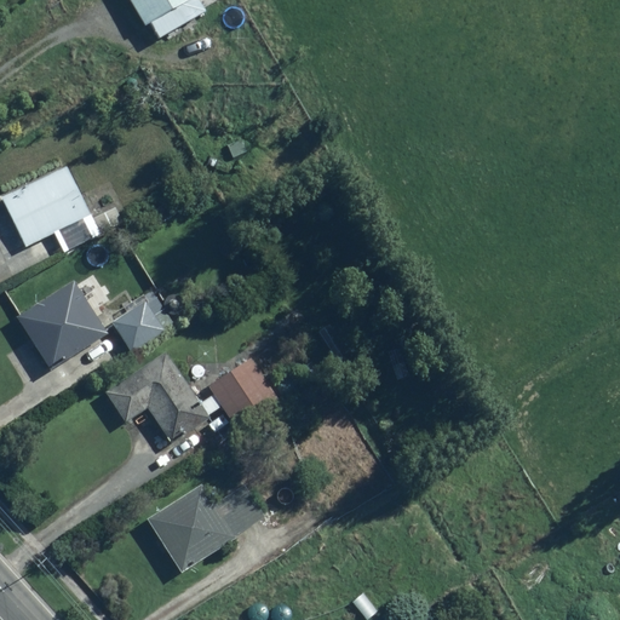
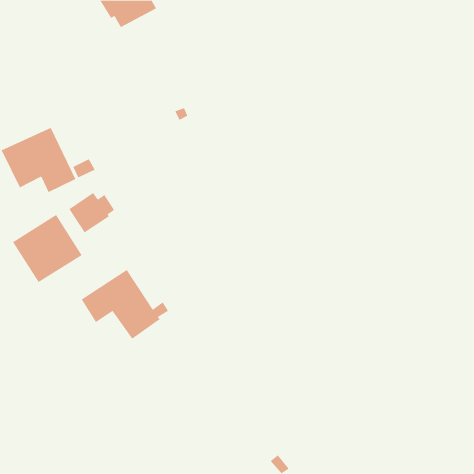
building: [111,299,172,352] -> [69,192,115,233]
building: [208,357,277,427] -> none
building: [145,483,266,572] -> none

